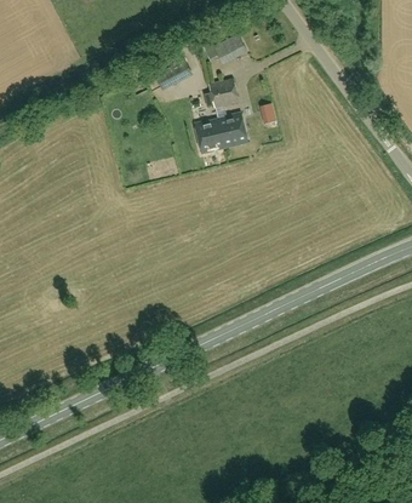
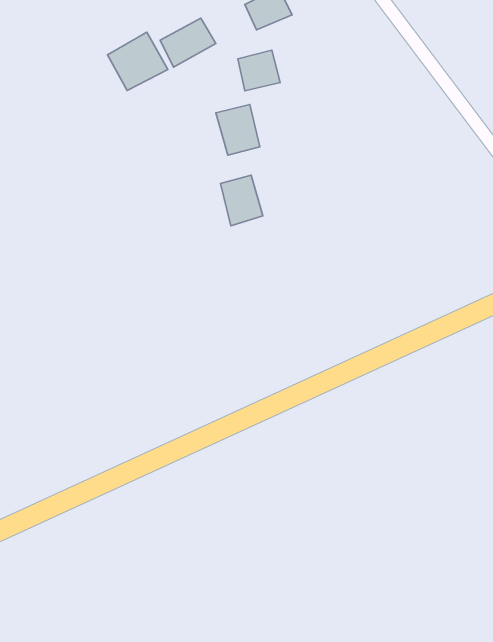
building: none -> [108,32,168,91]
building: [217,110,247,147] -> [221,175,263,226]

